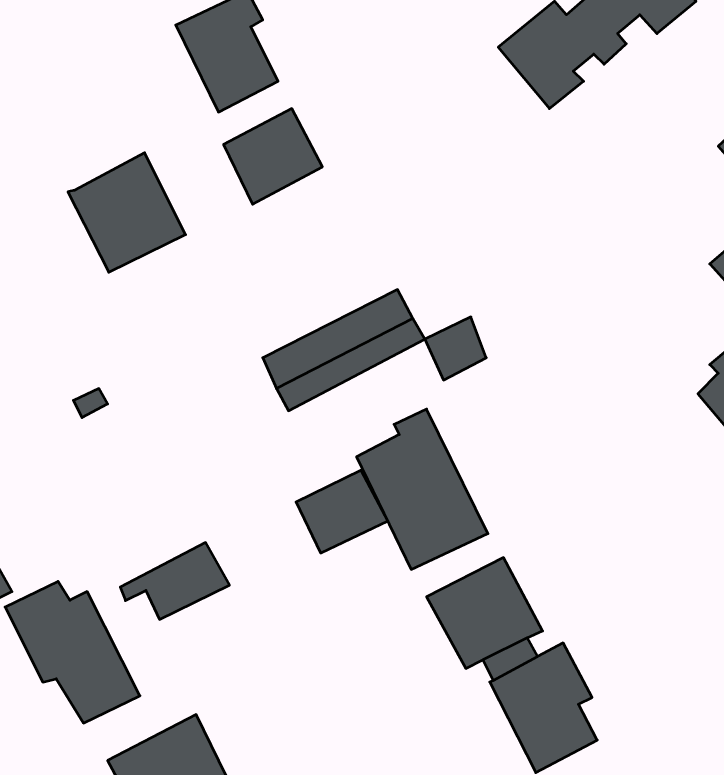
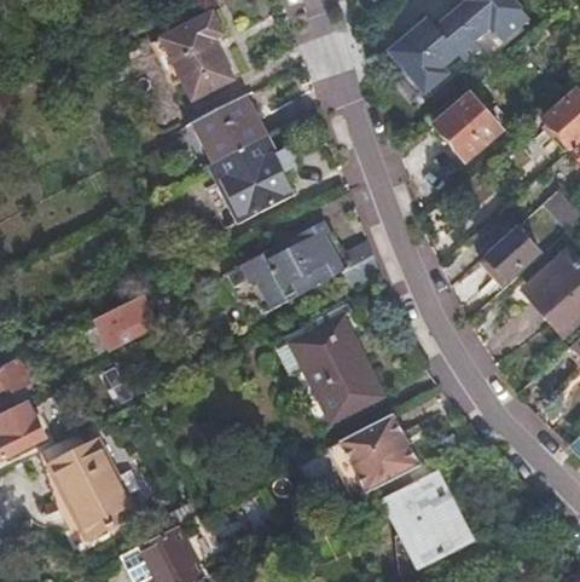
building: none -> [433,94,500,162]
building: [68,153,186,272] -> [210,136,294,220]
building: none -> [488,230,539,280]
building: [296,470,388,553] -> none
building: [120,543,229,619] -> [80,293,157,347]

